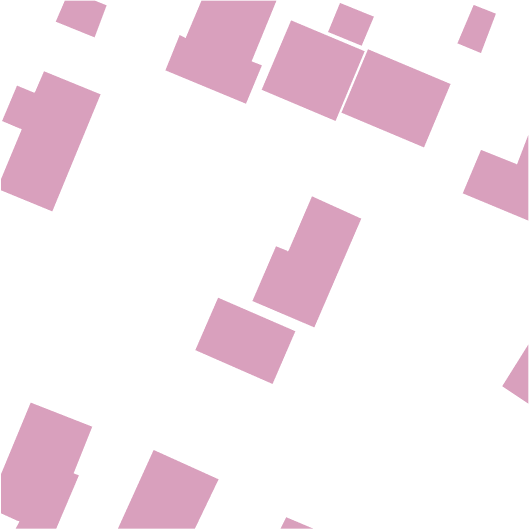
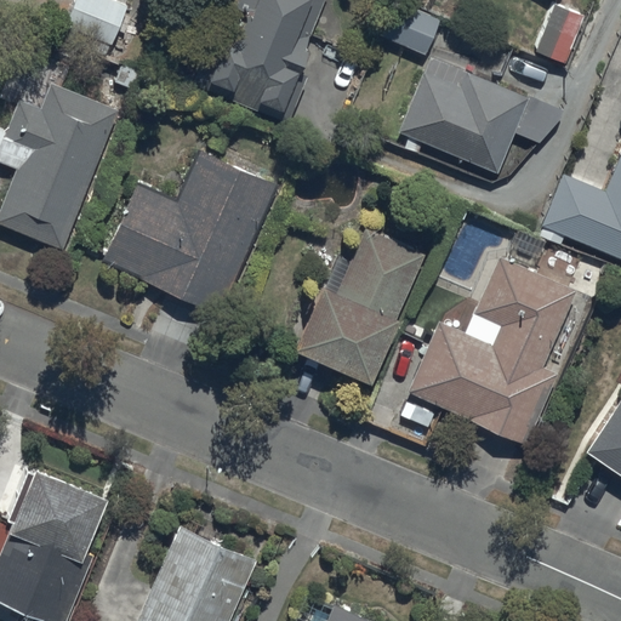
building: [261,19,365,122] -> none
building: none -> [103,150,278,313]
building: none -> [408,257,576,445]
building: [194,297,296,385] -> none

